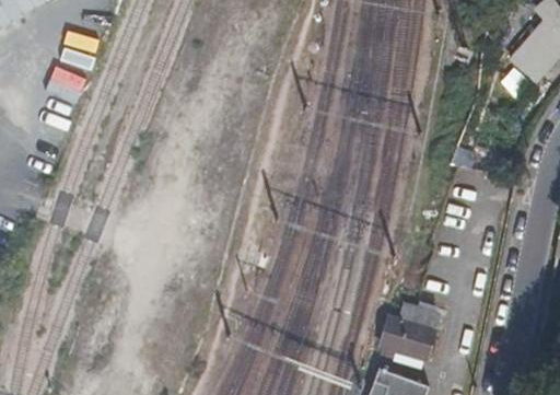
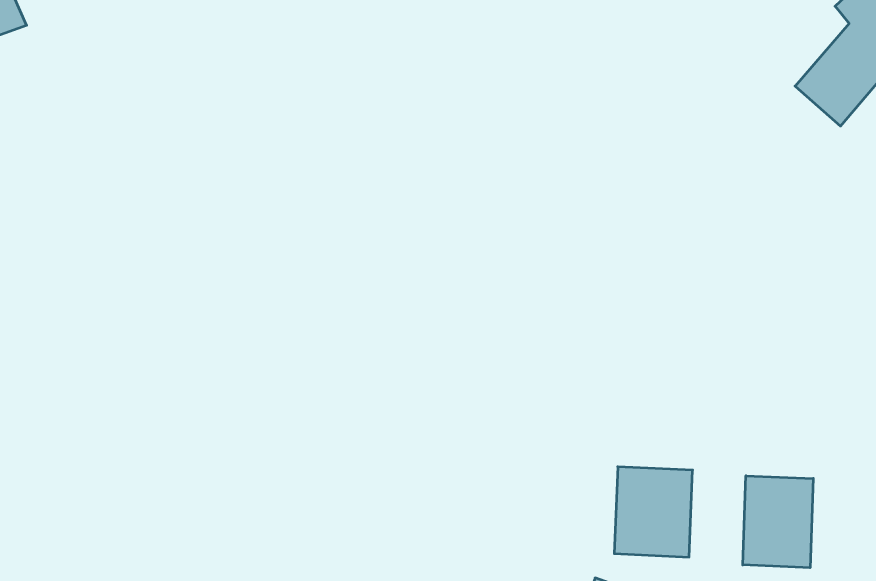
building: none -> [743,476,813,568]

